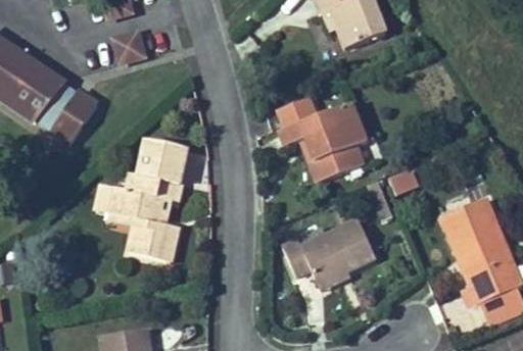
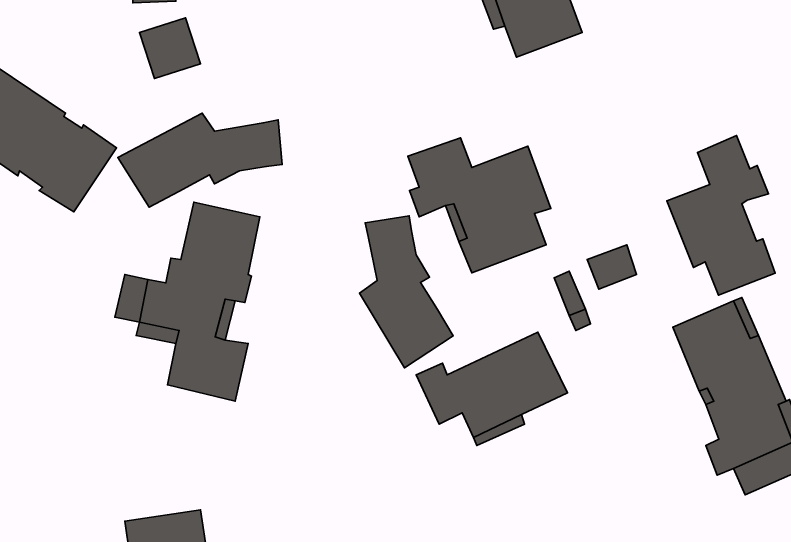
building: none -> [118,113,282,207]
building: none -> [667,136,775,295]
building: none -> [360,216,453,368]

